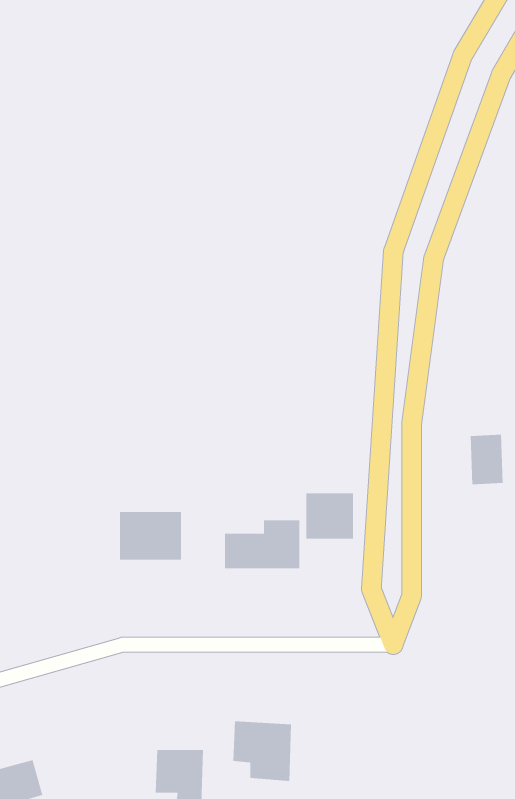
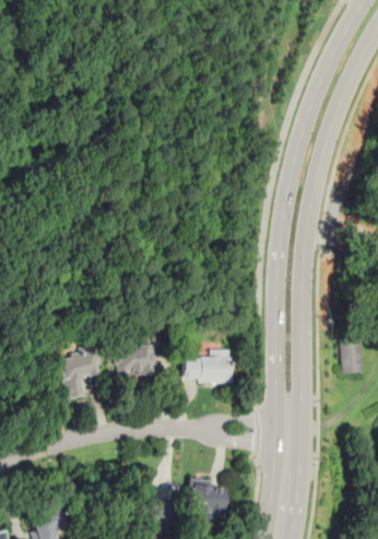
building: [470,434,504,485] -> [342,342,364,374]
building: [306,492,354,539] -> none
building: none -> [56,347,103,400]

